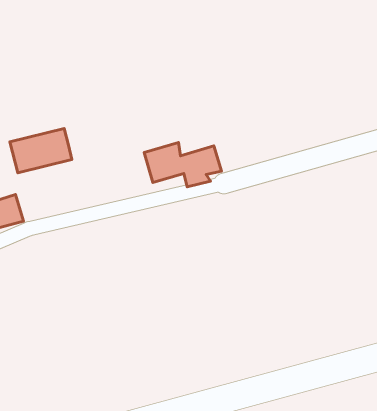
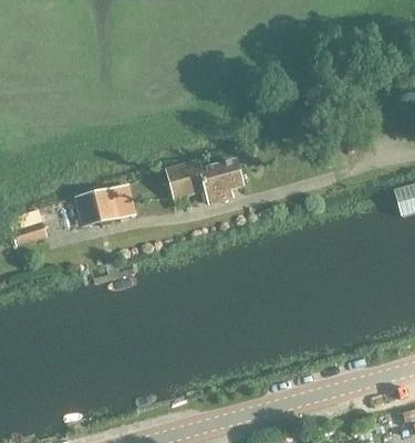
building: [10,129,72,173] -> [73,184,135,229]

